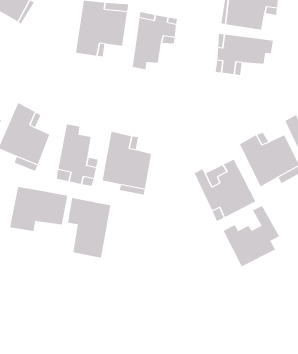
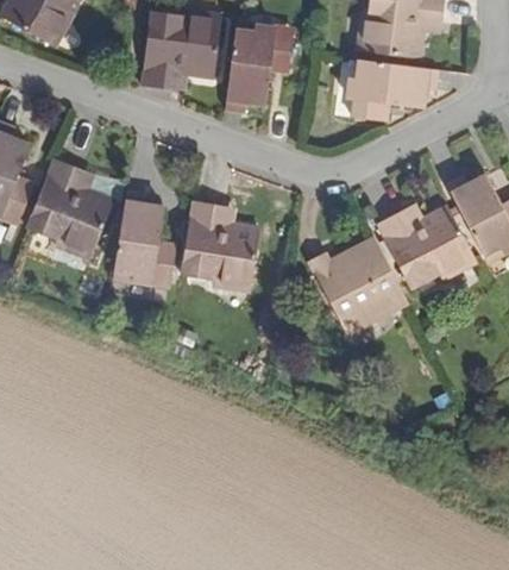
building: [10,186,68,232] -> none
building: [68,197,111,259] -> none
building: [223,205,280,267] -> none

